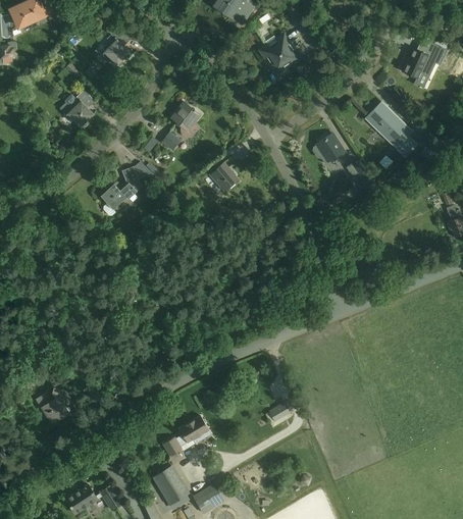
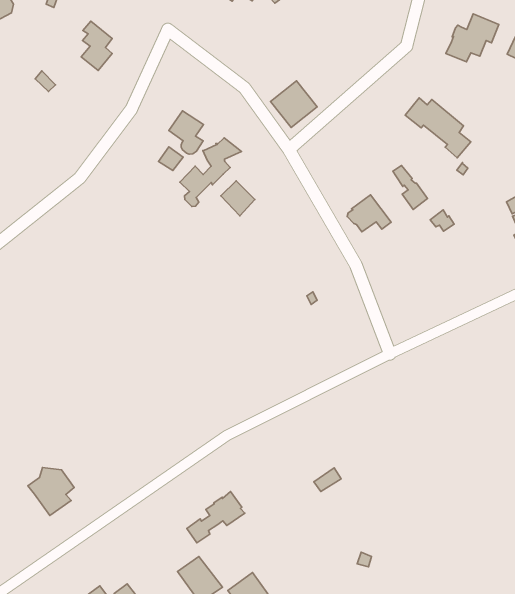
building: [260,36,298,73] -> [271,81,317,127]
building: [63,91,93,127] -> none
building: [312,135,348,164] -> [347,195,391,232]
building: [100,162,152,216] -> [180,138,242,206]

